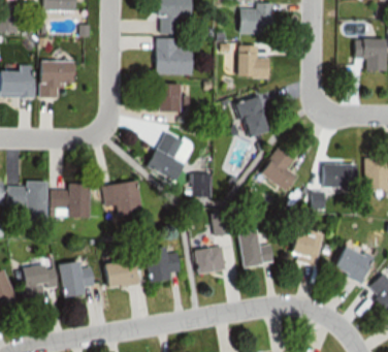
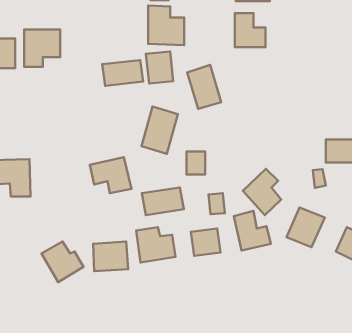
building: none -> [102,60,143,86]
building: [236,96,268,137] -> [187,65,221,109]
building: [260,150,296,193] -> [243,169,281,215]
building: [52,186,89,214] -> none
building: none -> [142,187,184,215]
building: [23,266,57,300] -> none

